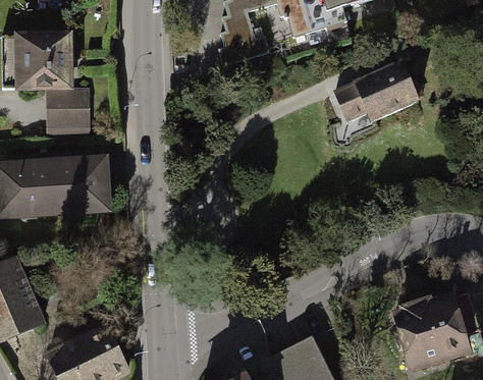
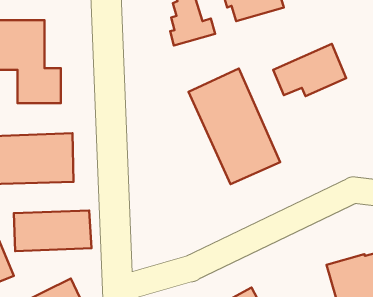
building: none -> [189,69,280,184]
building: none -> [14,211,92,251]

